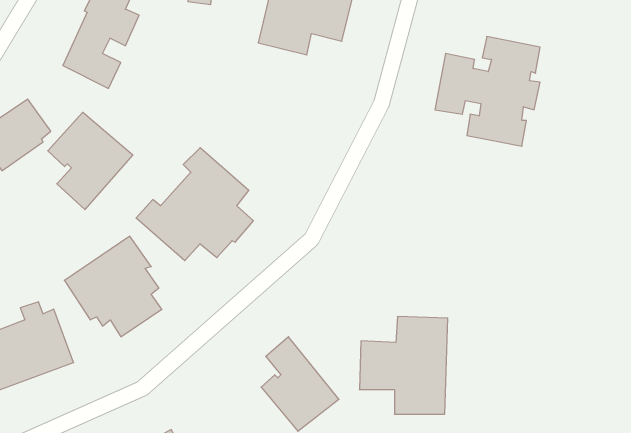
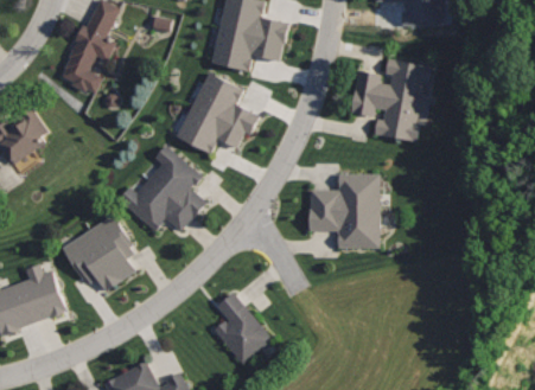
building: none -> [176,71,259,152]
building: [48,112,133,210] -> none
building: [359,317,448,414] -> [308,172,377,248]

